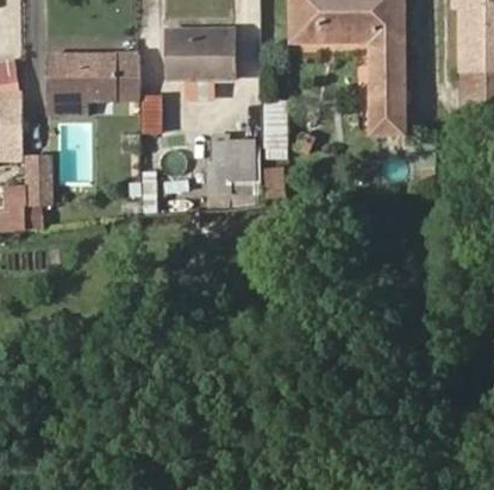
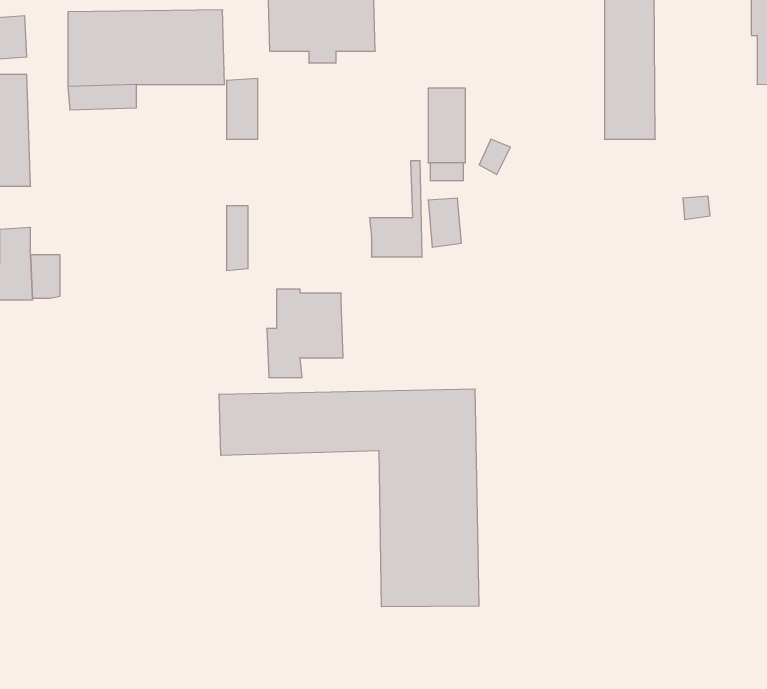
building: [208,137,255,190] -> [267,289,343,377]
building: [25,156,50,201] -> none
building: none -> [219,389,479,607]

